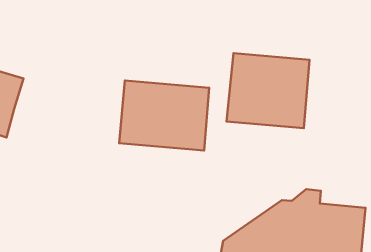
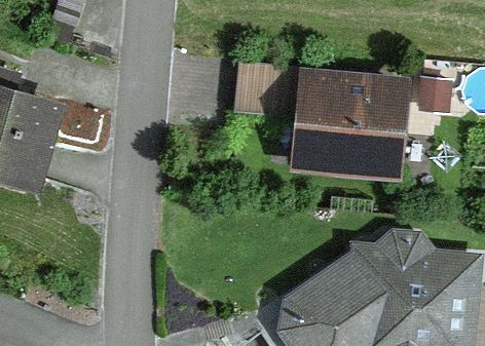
building: [119,80,209,151] -> none

